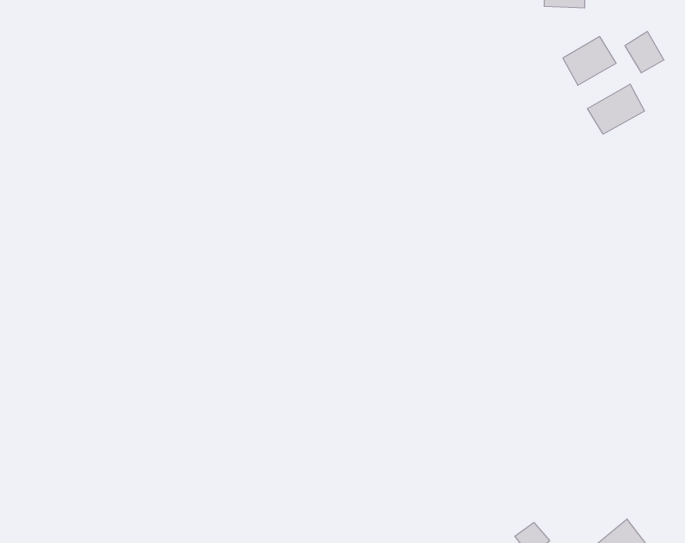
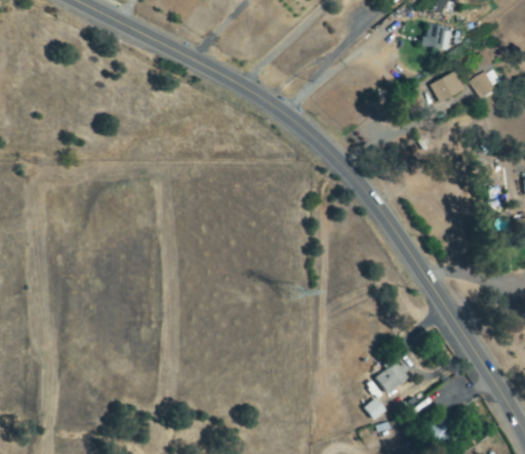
building: [588,84,645,134] -> none
building: none -> [373,359,410,394]

